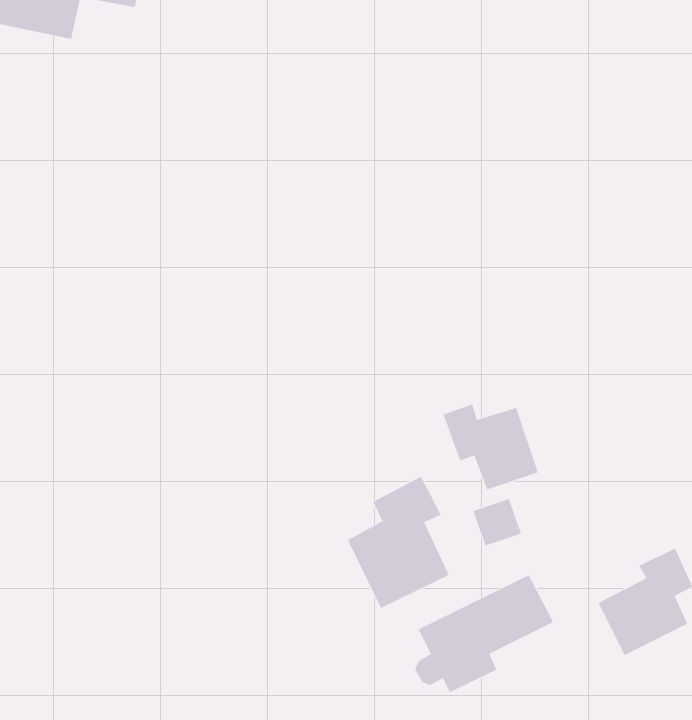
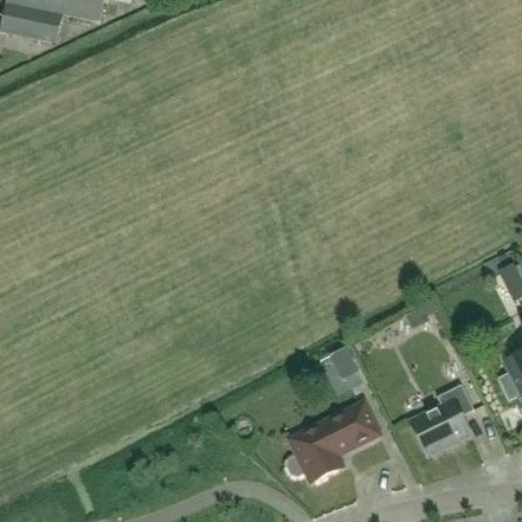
building: [443,403,538,490] -> none
building: [347,476,450,609] -> none

